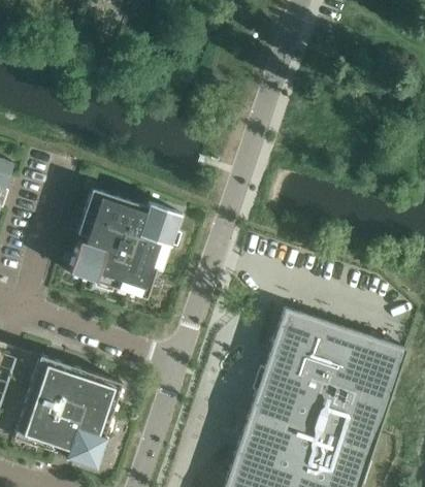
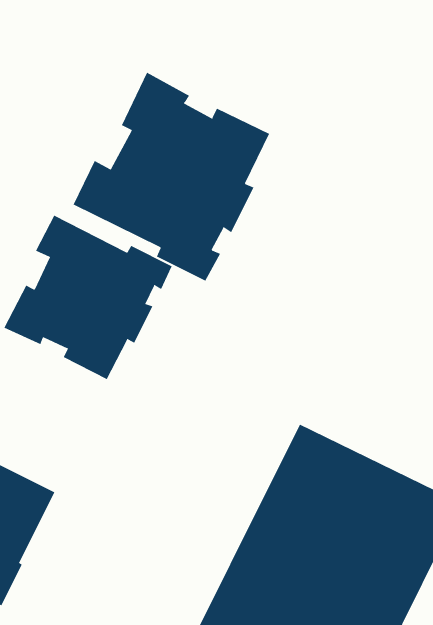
building: none -> [73,72,270,282]

